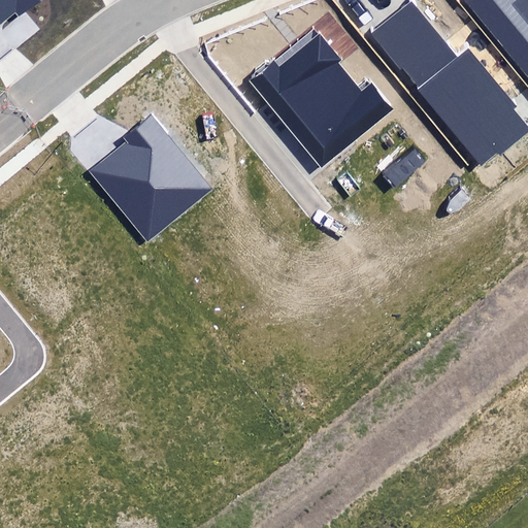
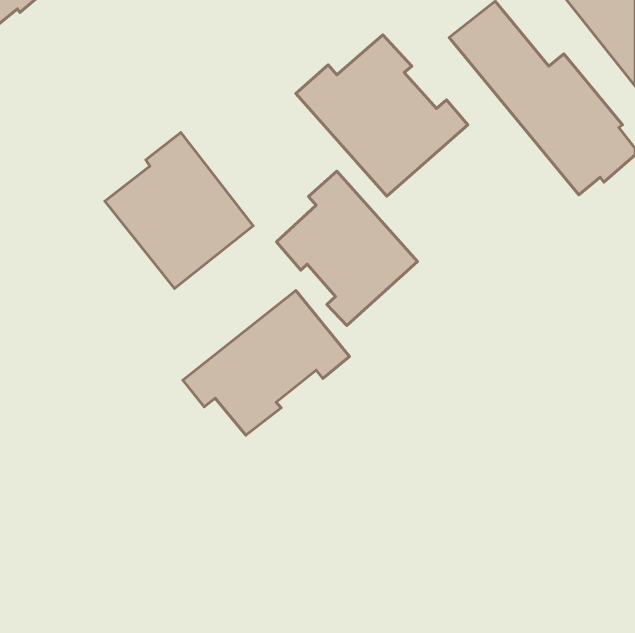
building: none -> [276,171,417,326]
building: none -> [183,290,349,435]

